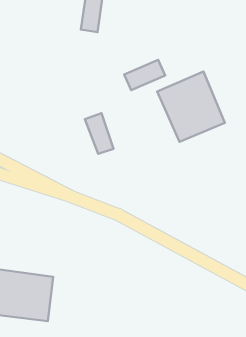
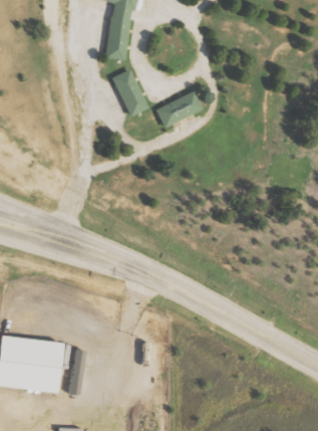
building: [157,71,225,142] -> none
building: [85,113,114,154] -> [111,67,144,115]

